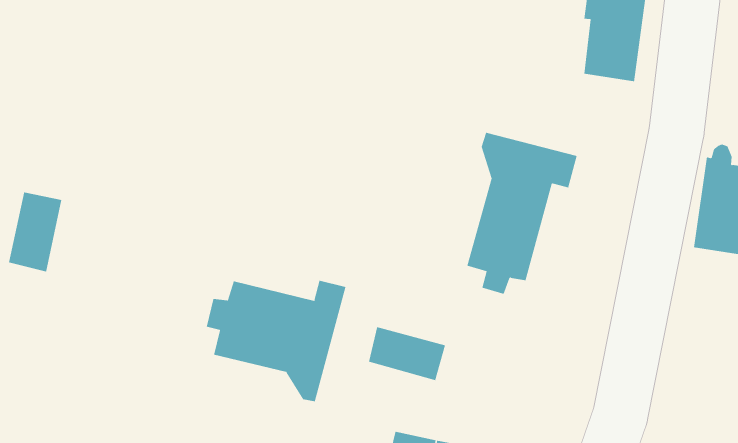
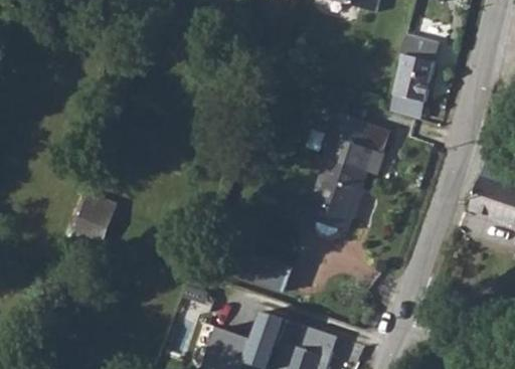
building: [8,192,62,272] -> [72,198,112,251]
building: [206,280,346,402] -> none

